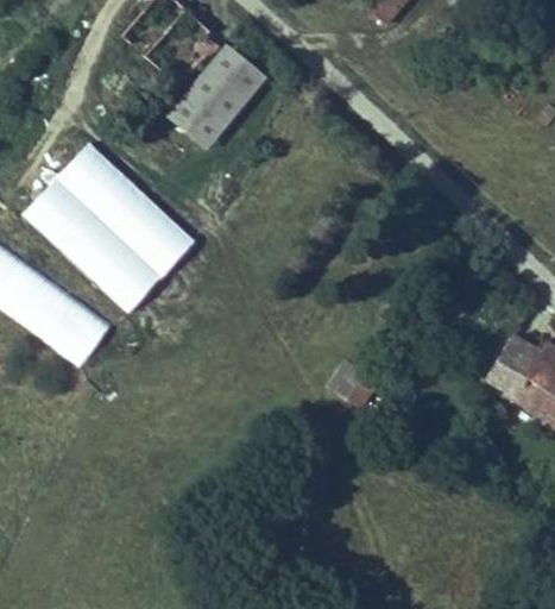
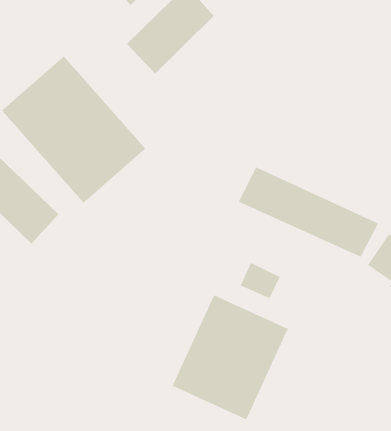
building: none -> [238,167,379,258]
building: none -> [172,295,289,420]

